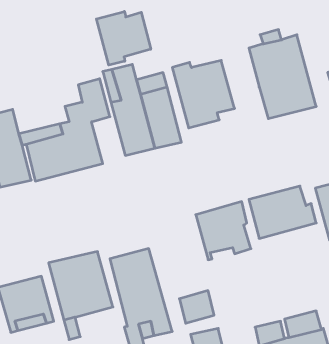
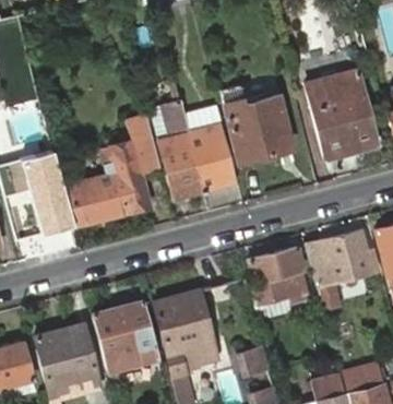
building: [96,11,151,65] -> none

